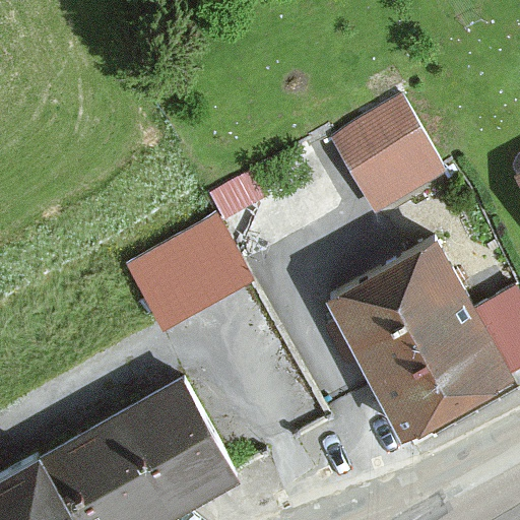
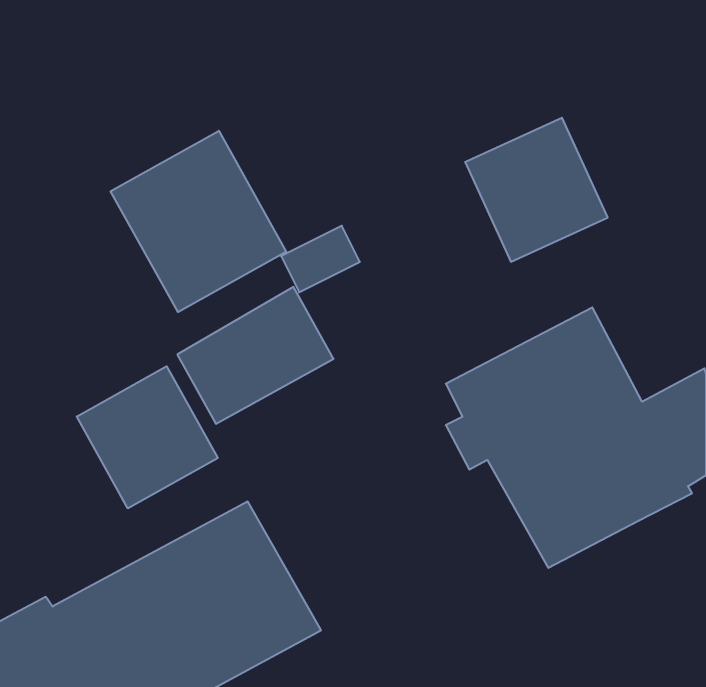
building: none -> [111,131,286,312]
building: none -> [77,366,218,508]

